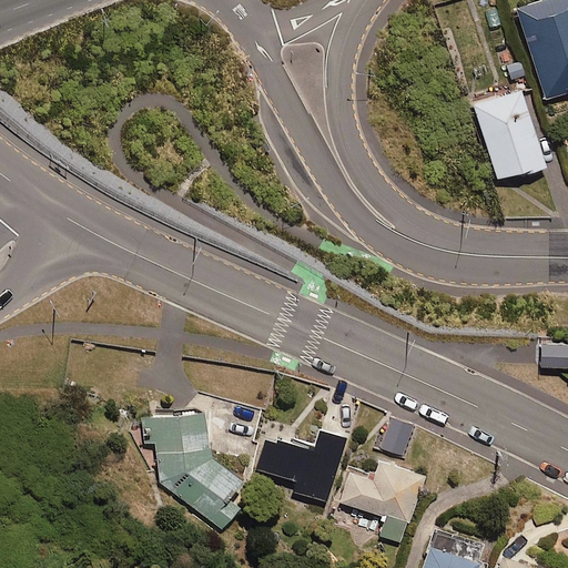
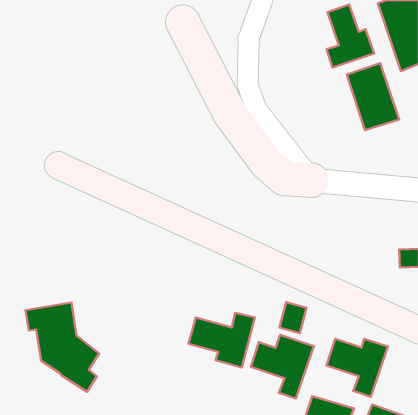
building: none -> [327,5,374,67]
building: [142,407,242,528] -> [26,303,99,392]
building: none -> [326,339,388,397]

